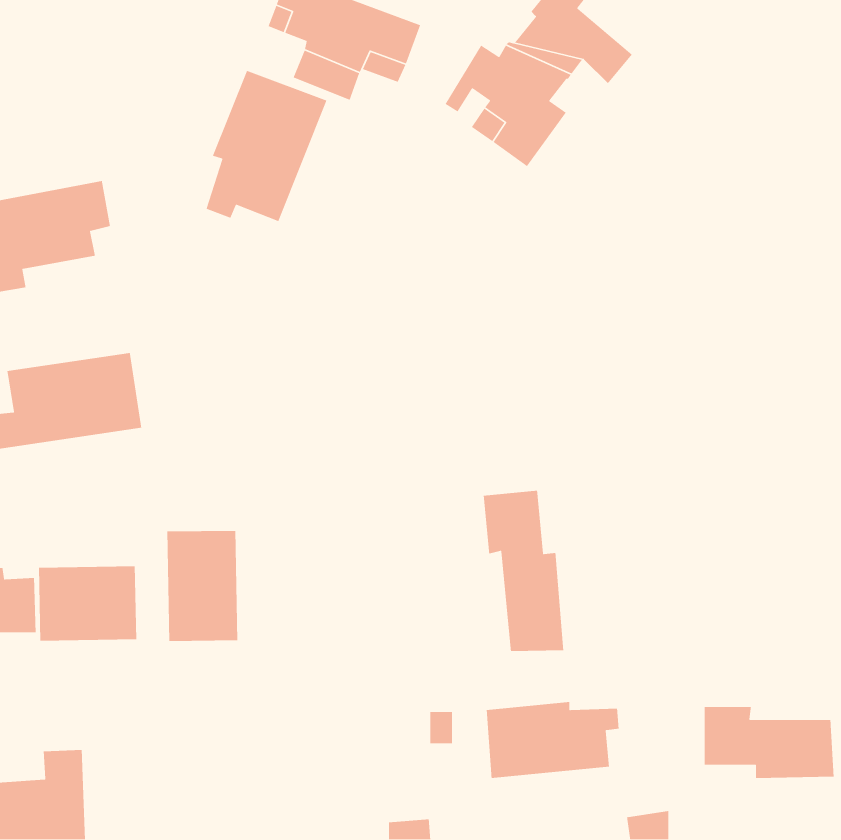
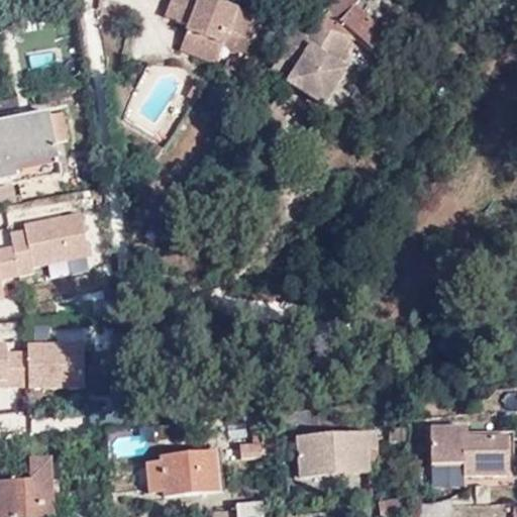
building: [206,70,328,222] -> none
building: [483,490,564,652] -> none
building: [167,530,238,642] -> none
building: none -> [146,451,218,493]

